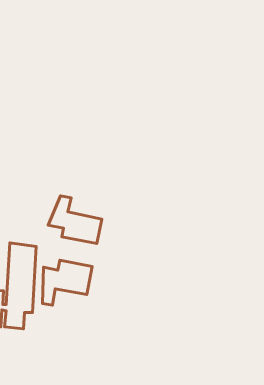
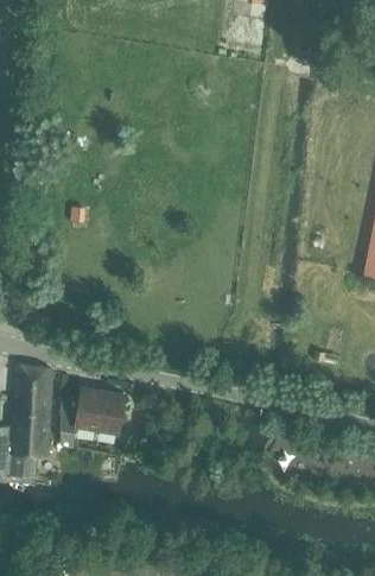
building: [48,196,102,244] -> none

